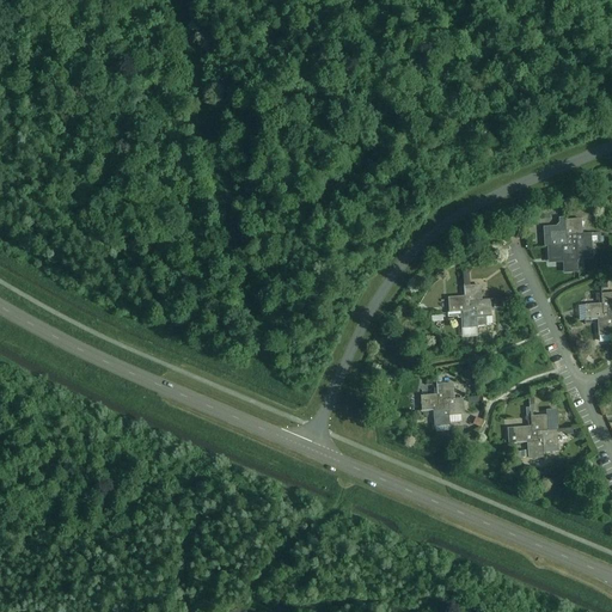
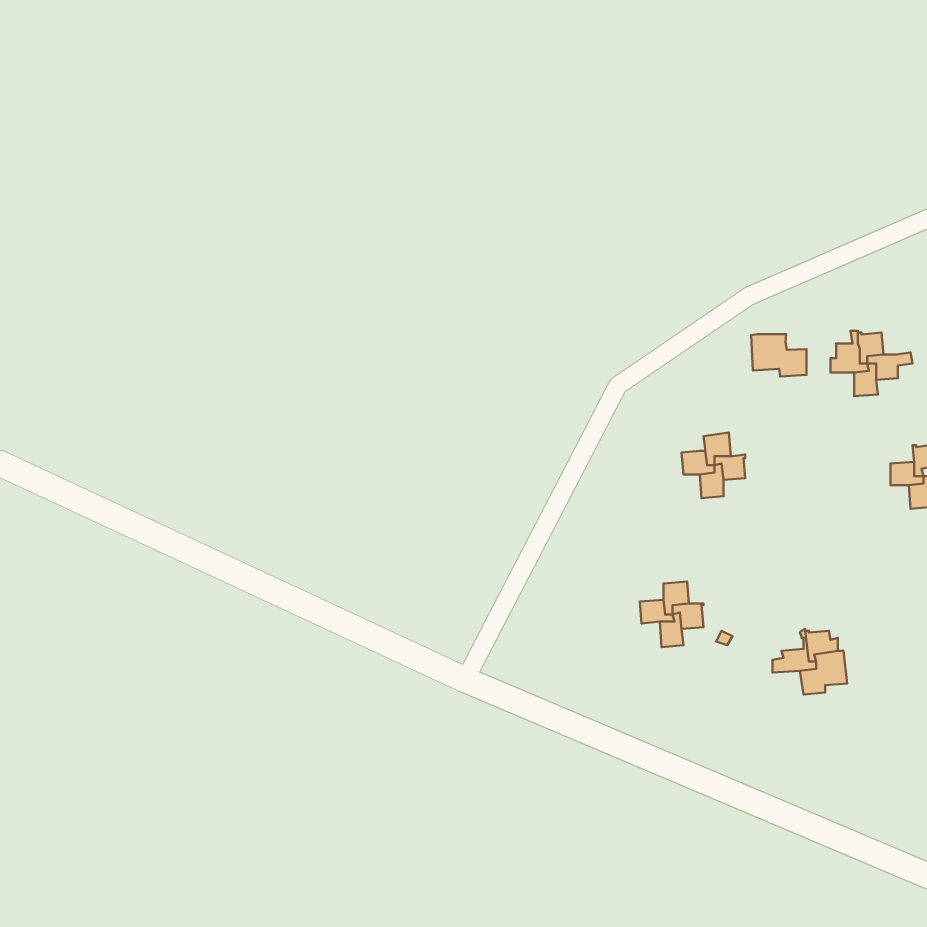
building: none -> [751,334,807,377]

